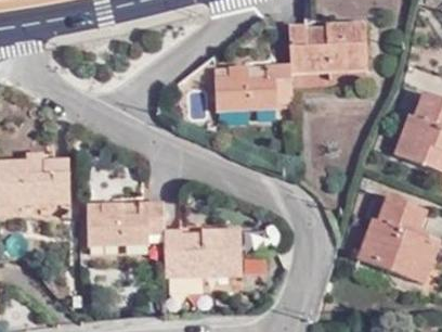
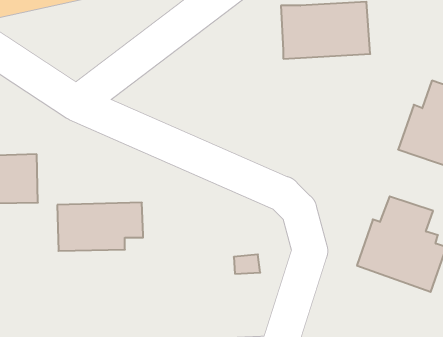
building: [213,65,291,110] -> none
building: [164,230,240,274] -> none

